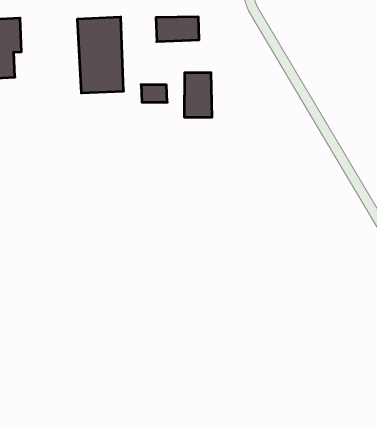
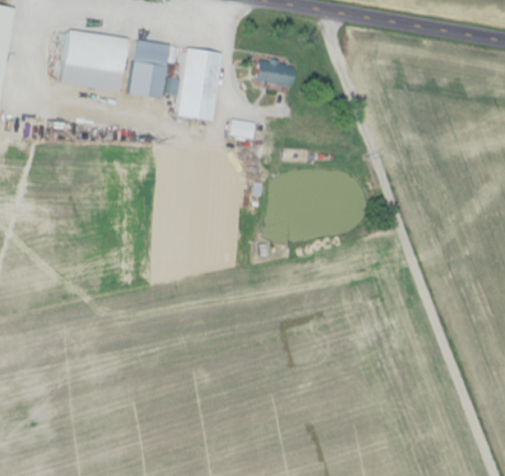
building: none -> [128,40,182,98]
building: [185,73,212,117] -> none

